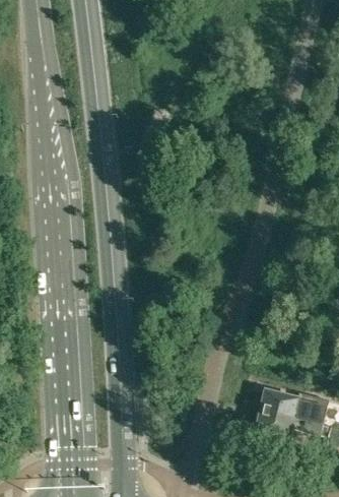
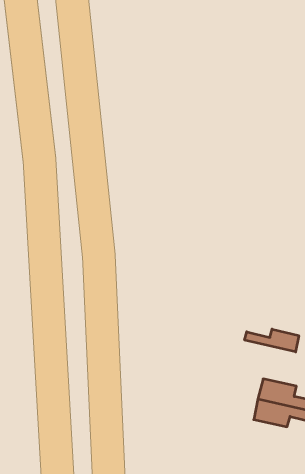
building: none -> [245,329,299,352]

